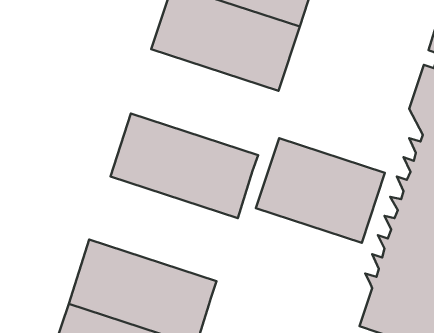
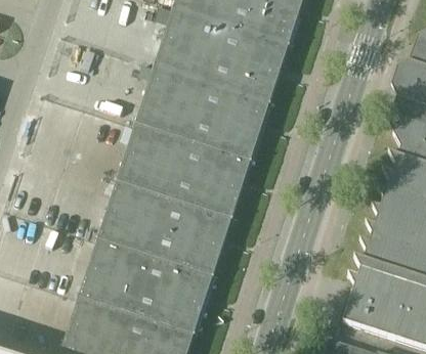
building: none -> [135,64,269,161]
building: [256,138,385,243] -> none
building: none -> [97,180,232,275]

